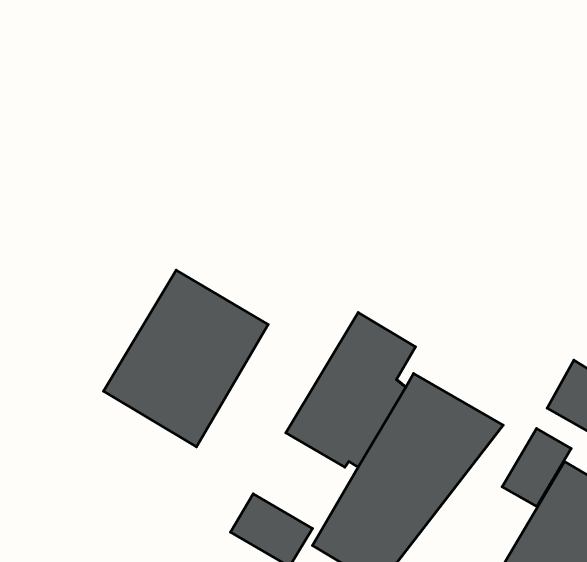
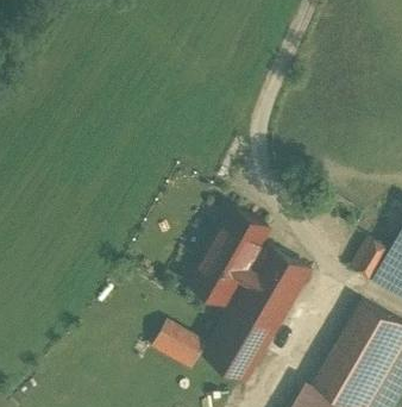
building: [104,270,268,447] -> none
building: [502,429,571,507] -> none

